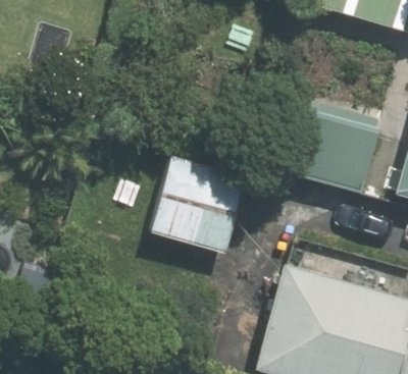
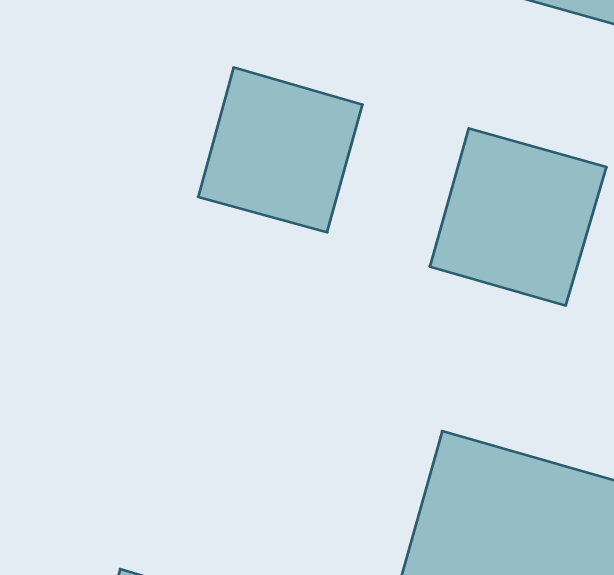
building: [150,159,245,254] -> [198,68,363,232]

